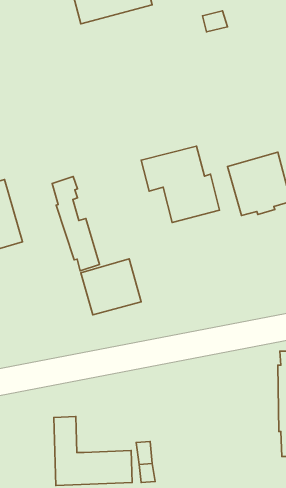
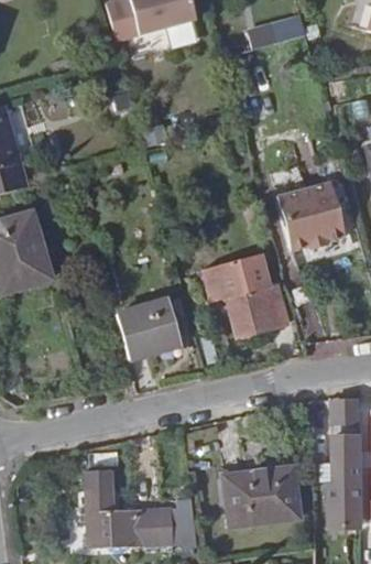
building: [141,146,219,222] -> [201,253,287,337]
building: [52,176,100,271] -> none
building: none -> [222,466,301,528]

